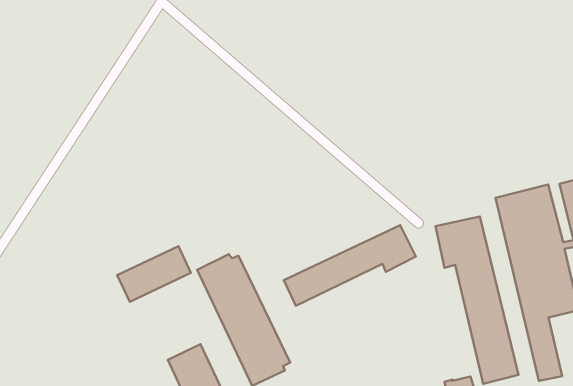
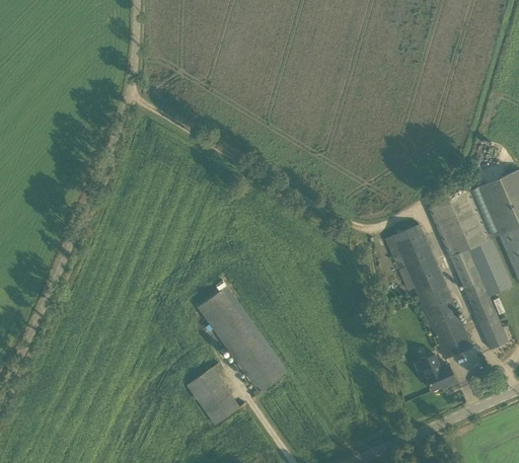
building: [284,225,416,306] -> none
building: [117,246,191,302] -> none

